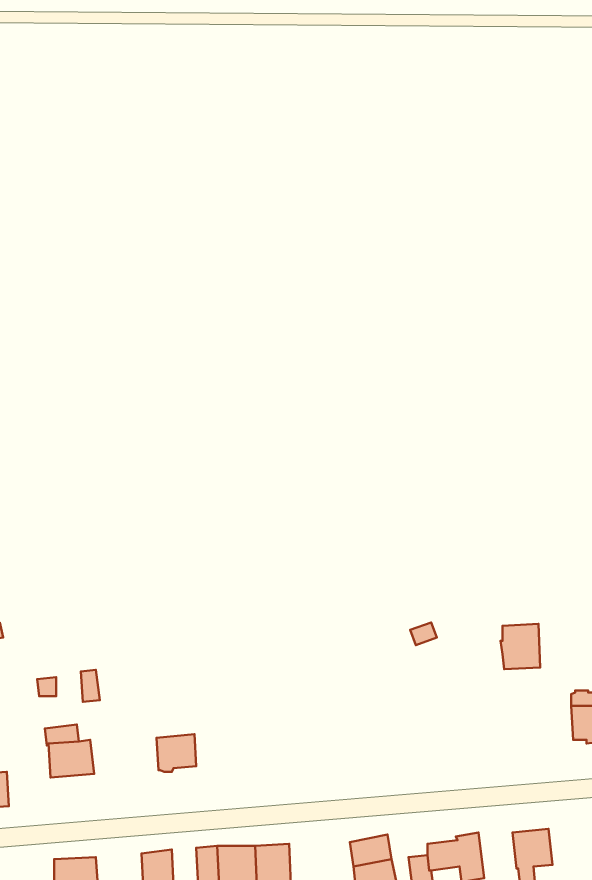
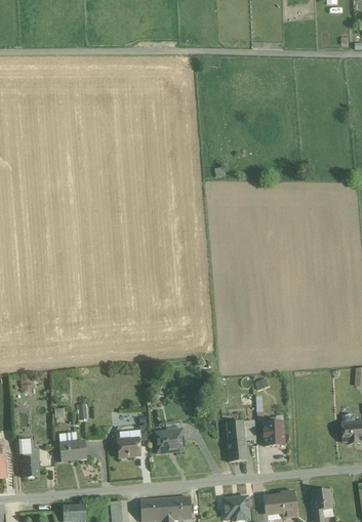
building: [500,624,540,669] -> [264,420,285,445]
building: none -> [228,420,248,460]
building: none -> [156,430,186,454]

